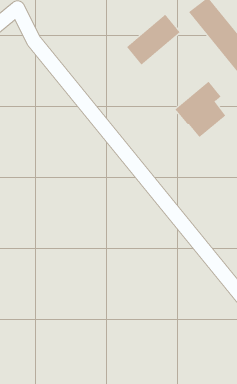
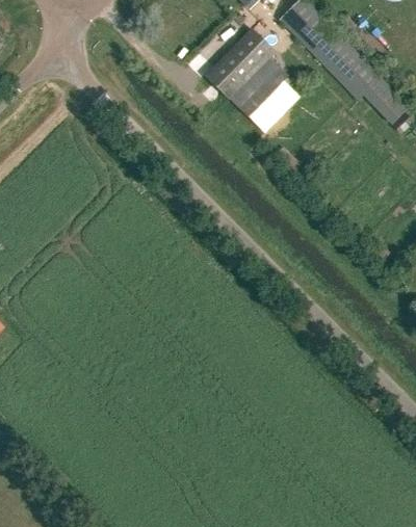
building: [174,81,226,138] -> [230,56,297,131]

